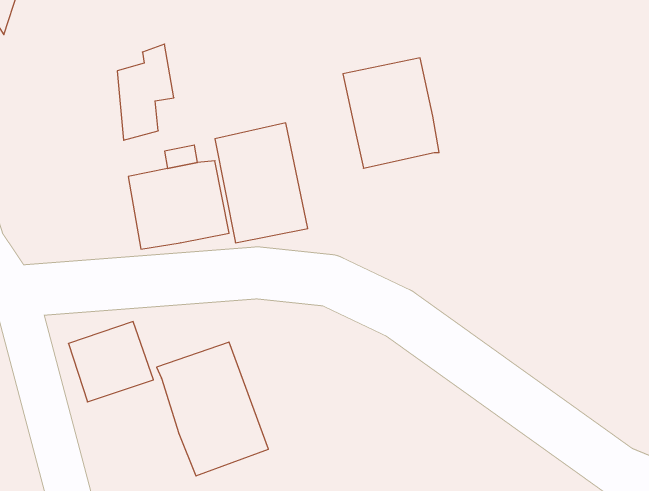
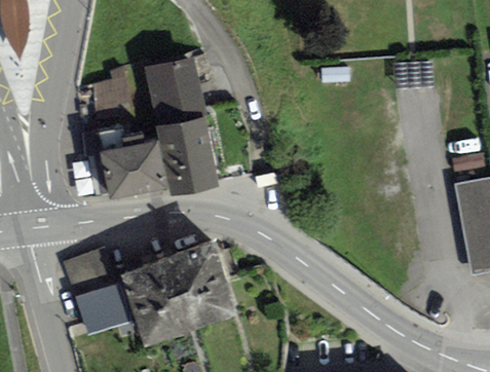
building: [343,58,439,168] -> [144,55,206,127]
building: none -> [166,244,237,330]
building: none -> [74,284,134,335]

